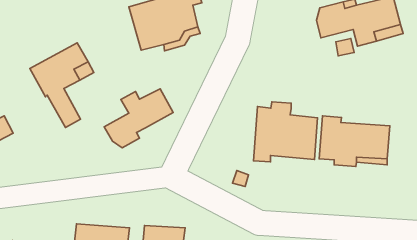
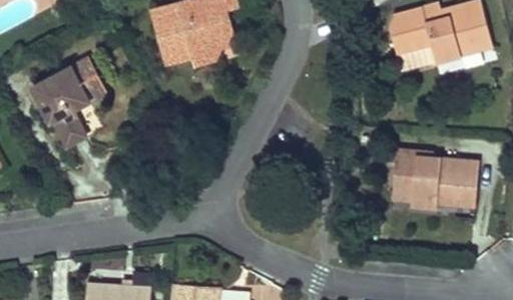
building: [104,89,173,148] -> none
building: [253,102,318,162] -> none

